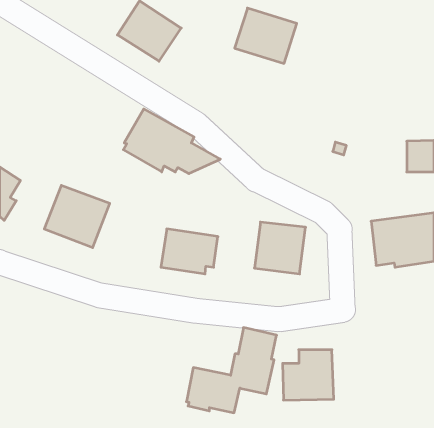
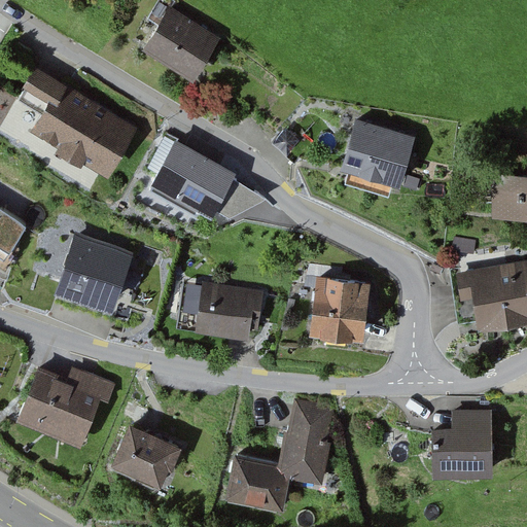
building: [235,8,297,63] -> [340,119,415,186]
building: none -> [19,67,136,176]
building: none -> [15,368,115,447]
building: none -> [111,423,182,484]
building: [283,350,334,400] -> [431,414,493,475]

